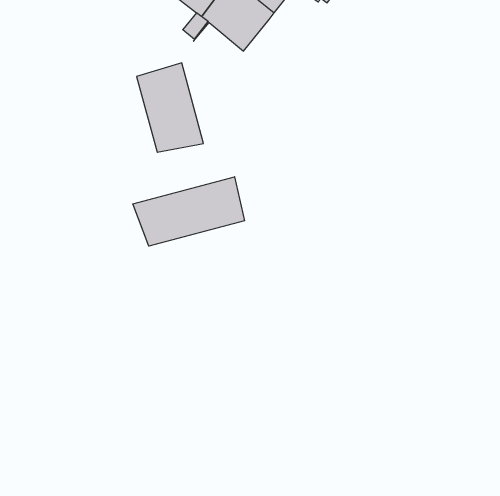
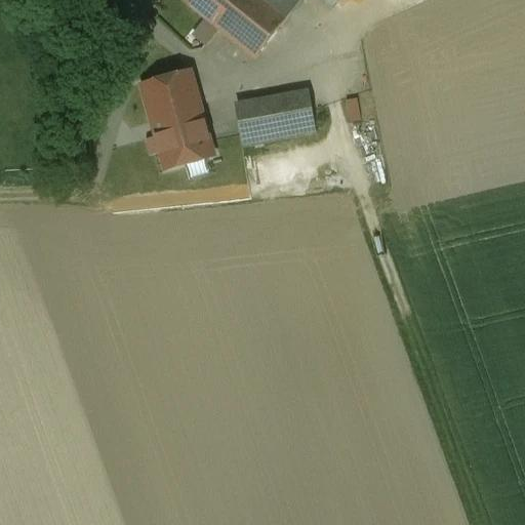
building: none -> [234,98,315,139]
building: [133,177,244,246] -> none

